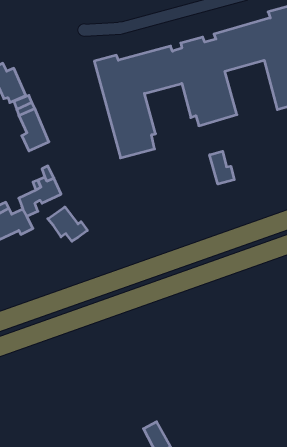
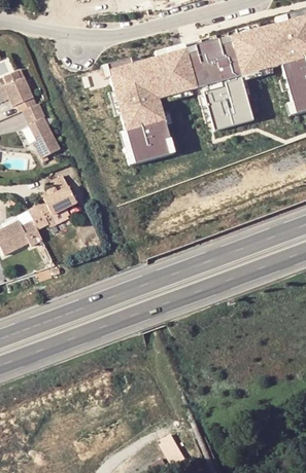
building: [210,151,234,184] -> none
building: [48,207,87,241] -> none

